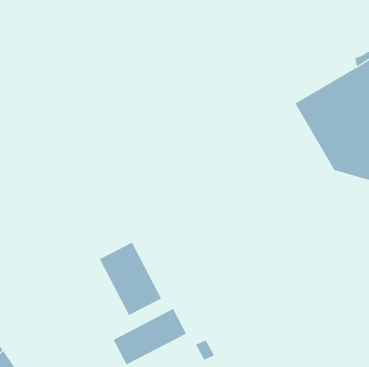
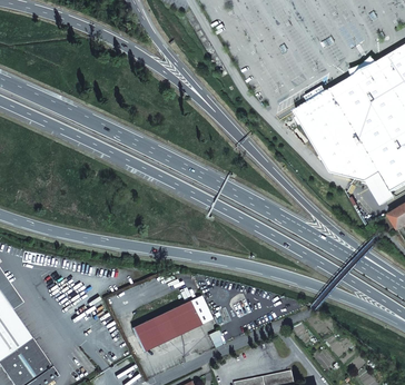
building: [99,242,162,316] -> none

